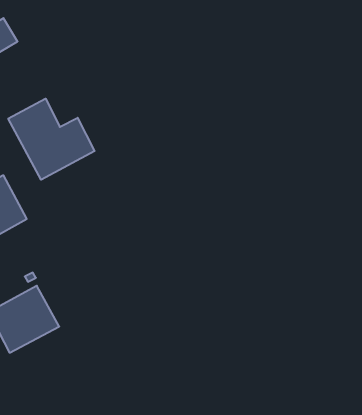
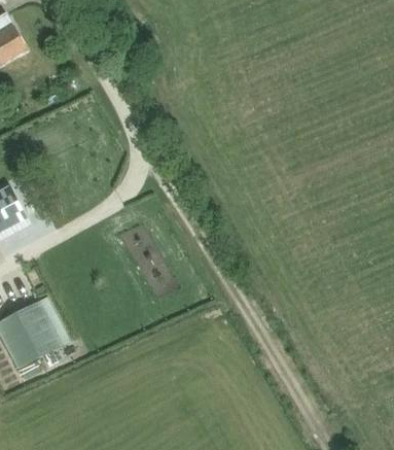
building: [8,99,95,180] -> none

